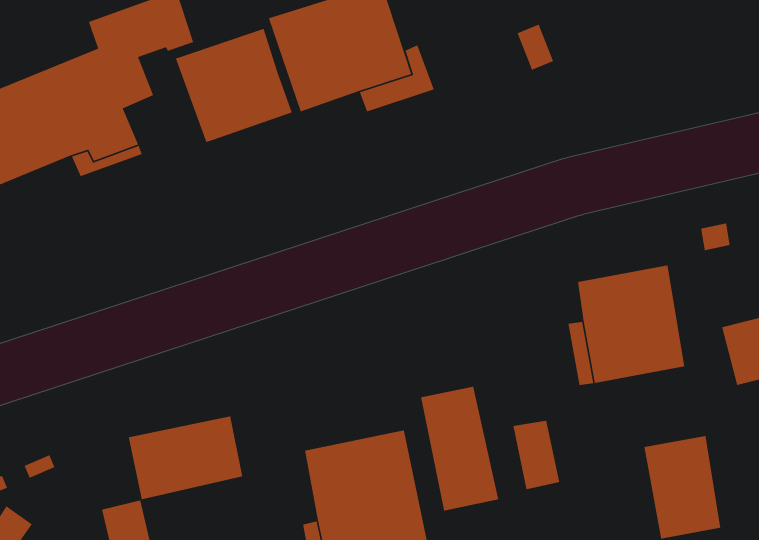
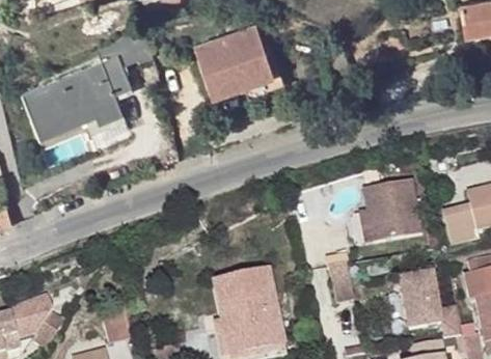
building: [175,28,293,143] -> none
building: [420,386,499,511] -> none
building: [128,416,243,500] -> none

